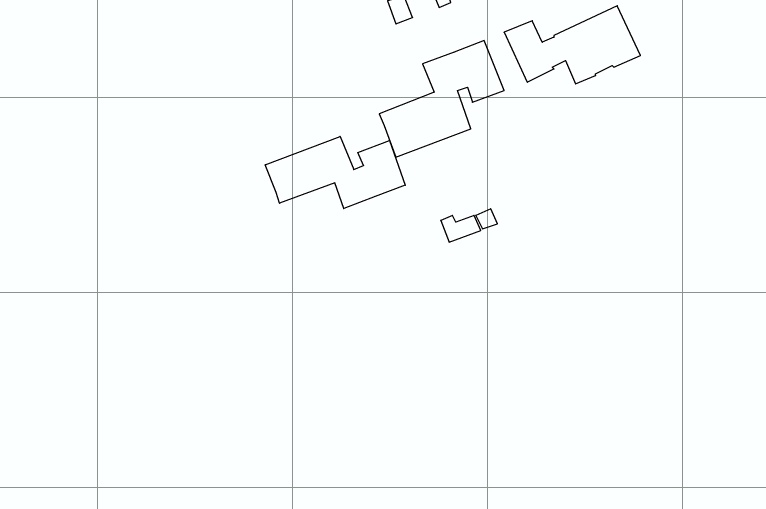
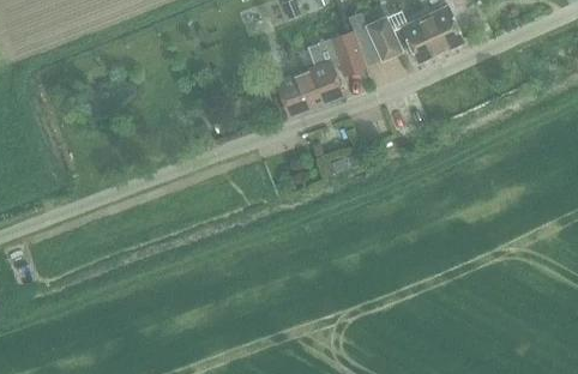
building: [265,136,405,209] -> none

